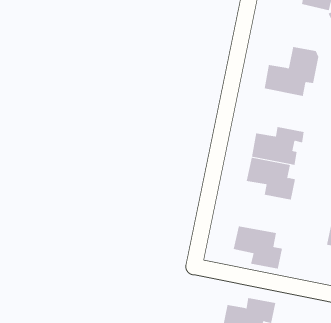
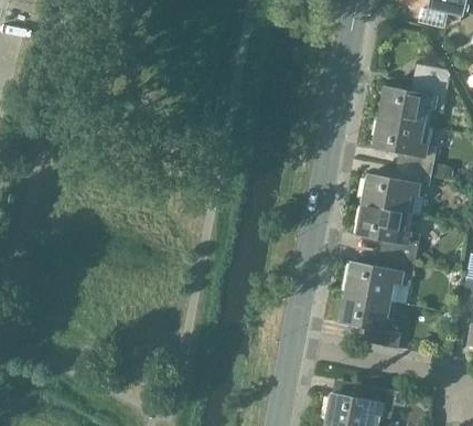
building: none -> [373,118,441,174]
building: none -> [345,254,413,302]

